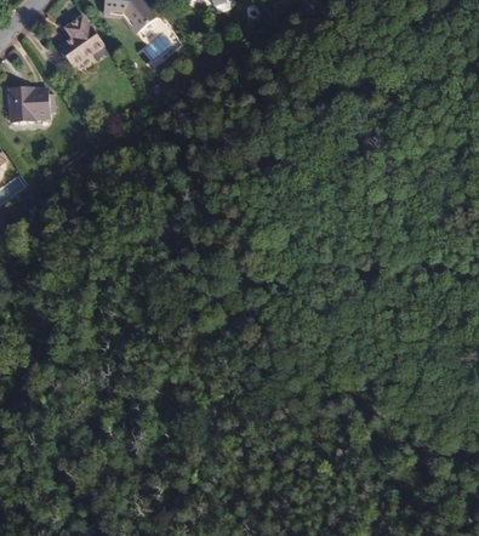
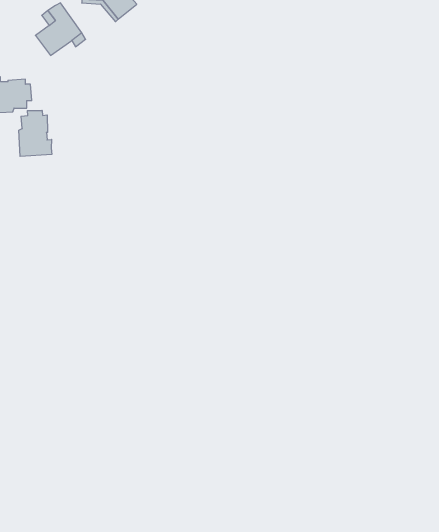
building: none -> [19,110,52,156]

